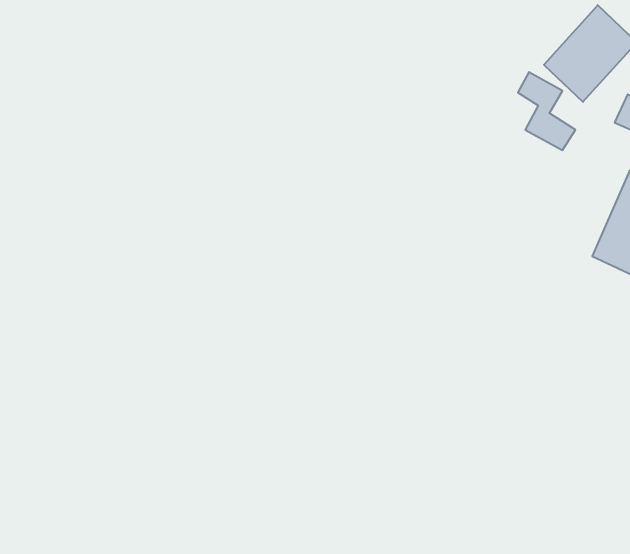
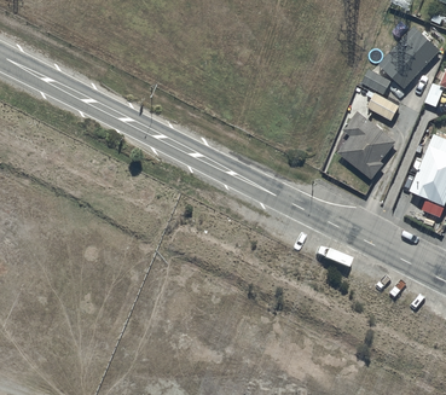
building: none -> [338,111,396,179]

